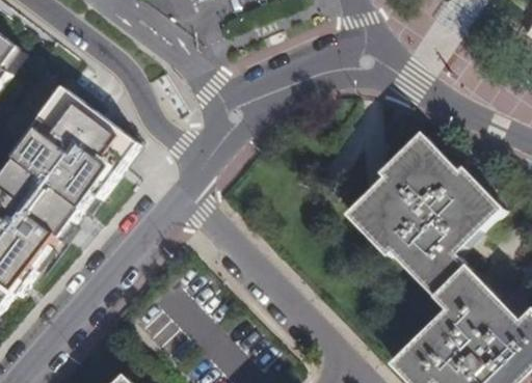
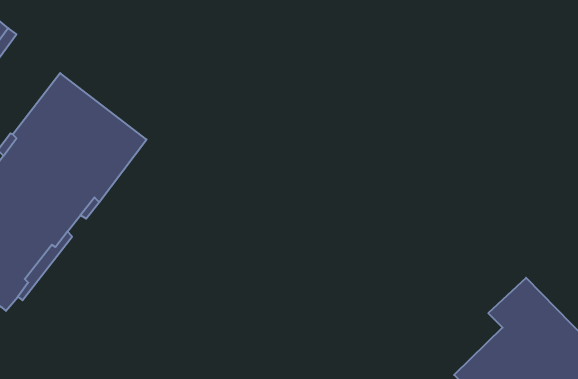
building: [346,135,500,298] -> none

